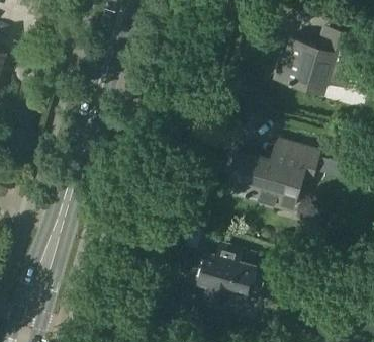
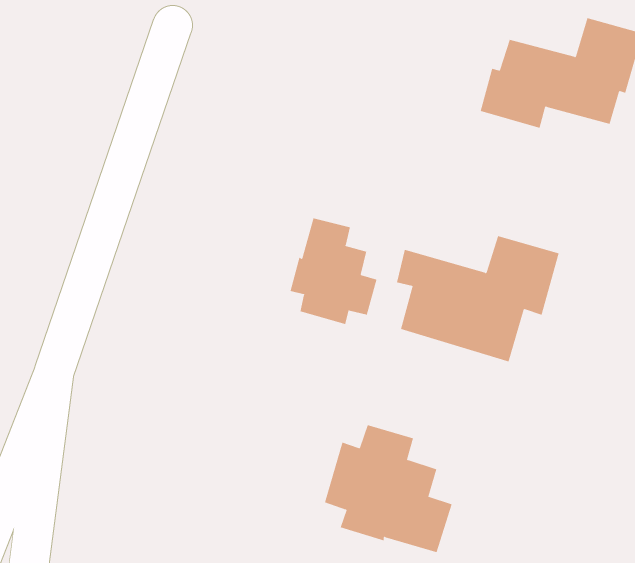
building: none -> [290,217,377,325]

